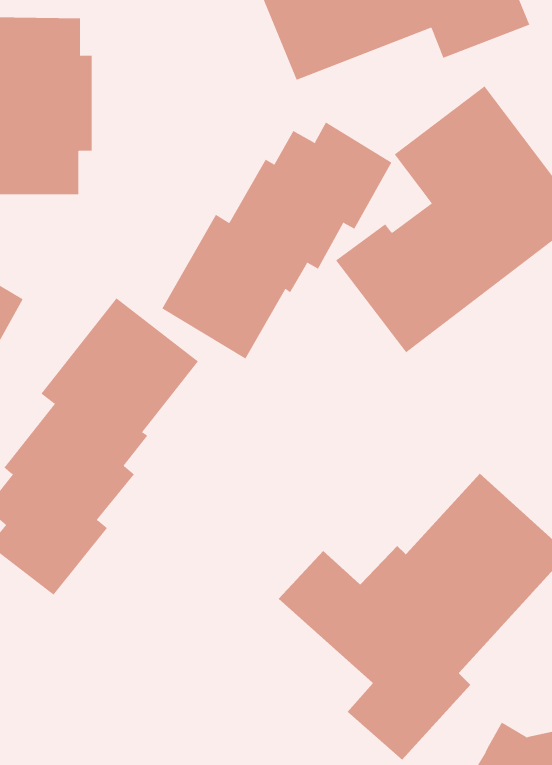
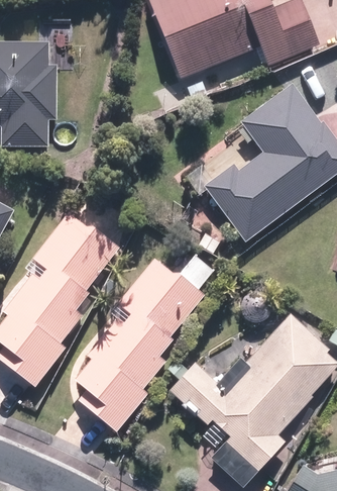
building: [161,122,392,360] -> none
building: none -> [75,257,204,432]

